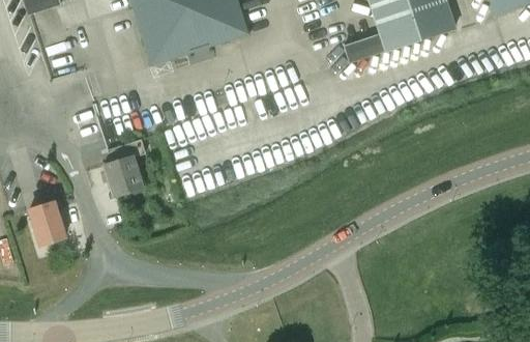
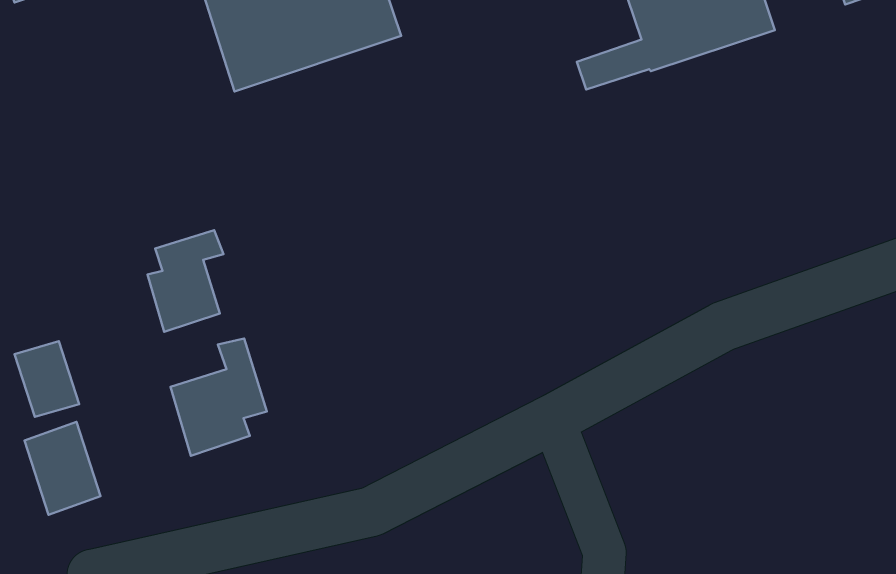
building: none -> [171,339,267,456]
building: none -> [25,422,100,515]

